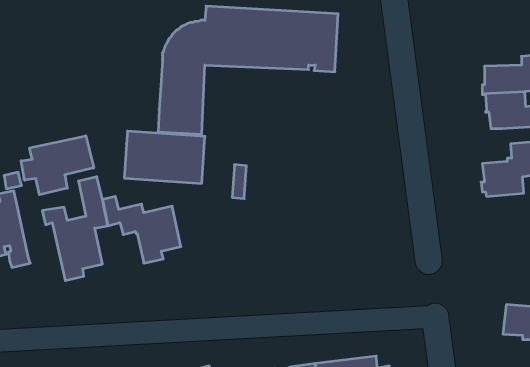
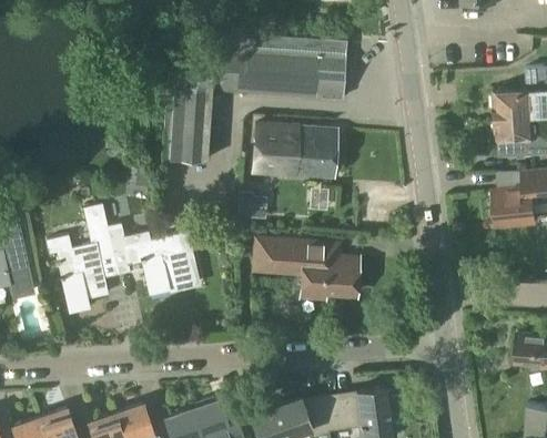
building: [124,131,205,183] -> [254,124,336,177]
building: [21,136,94,195] -> none
building: none -> [256,238,358,297]

